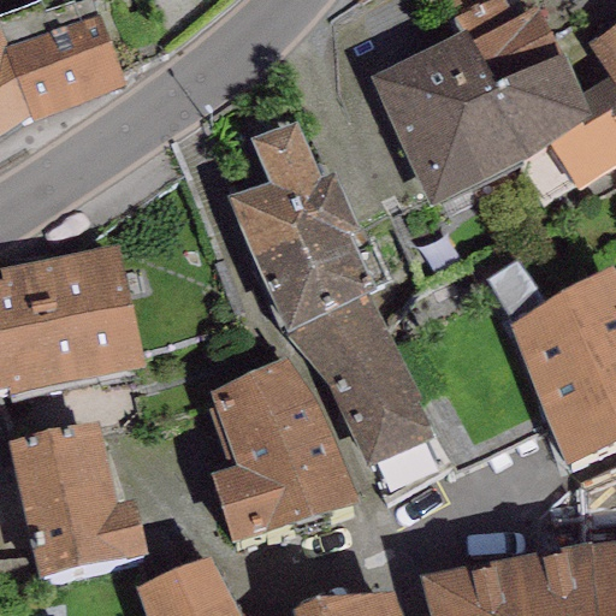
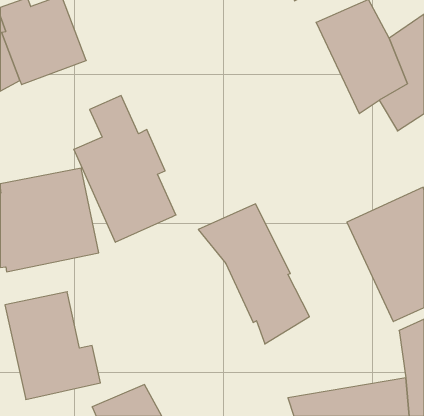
building: [368,32,521,208] -> none
building: [227,120,375,333] -> [74,96,176,242]
building: [206,359,362,547] -> none

